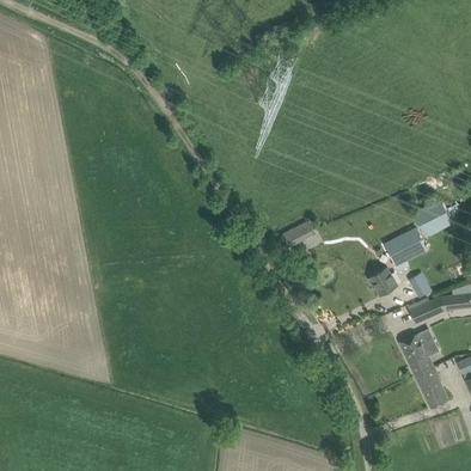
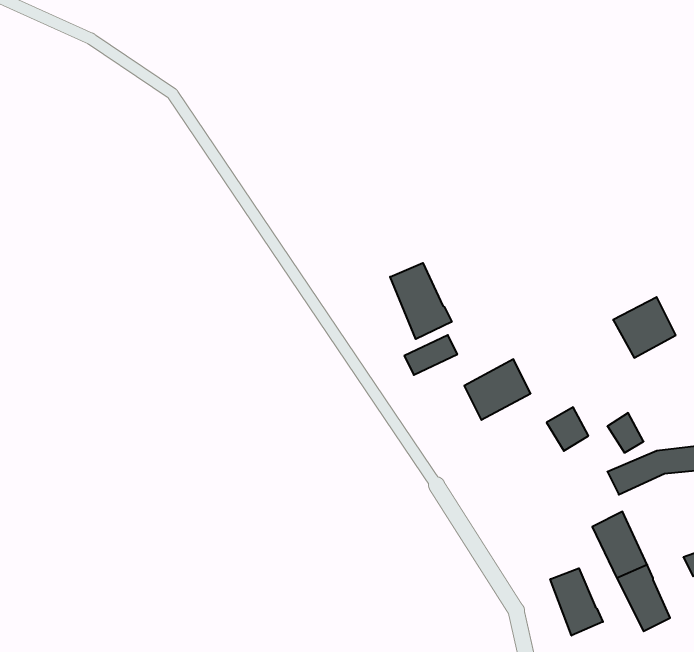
building: none -> [390,263,452,339]
building: [385,228,427,267] -> [464,359,531,420]
building: none -> [550,568,603,636]

